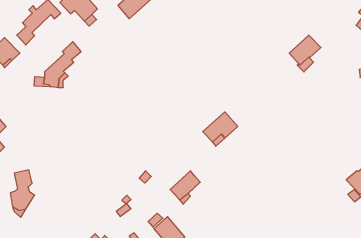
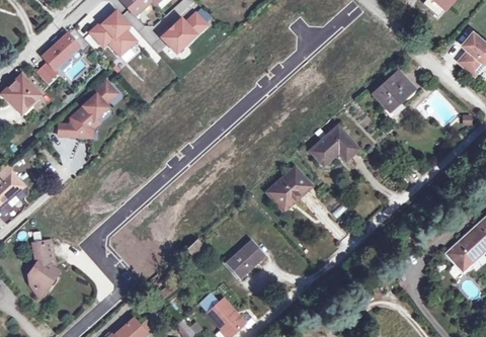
building: none -> [310,127,357,165]

